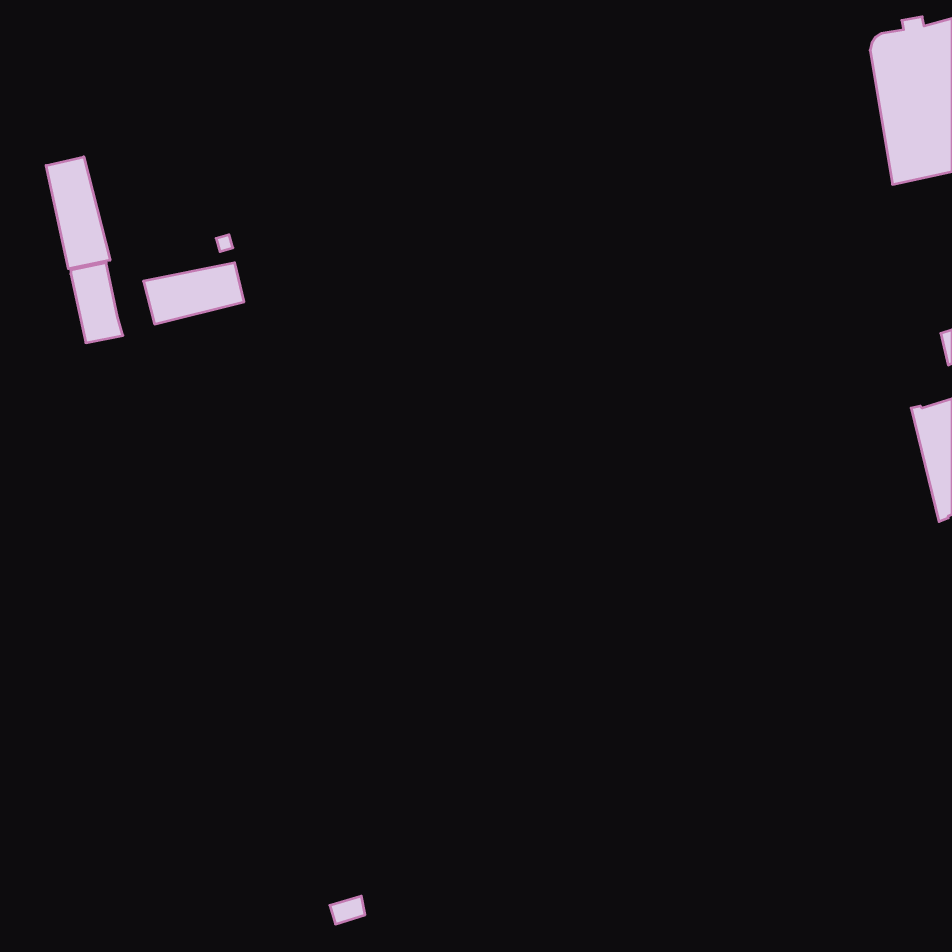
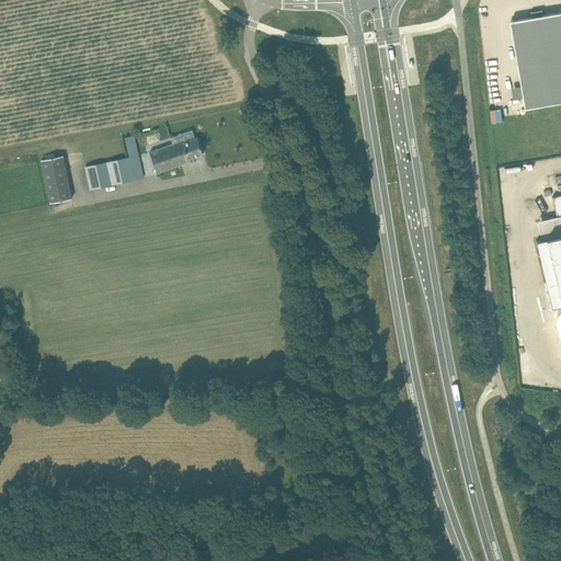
building: [46,157,110,269] -> none
building: none -> [151,137,203,172]

